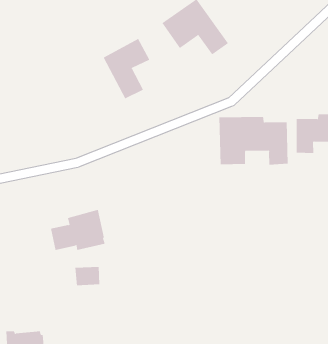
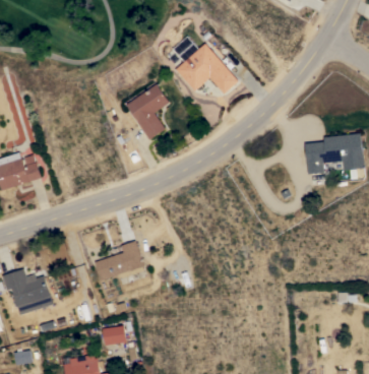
building: [219,116,288,165] -> none
building: [74,266,100,286] -> [103,326,127,346]

